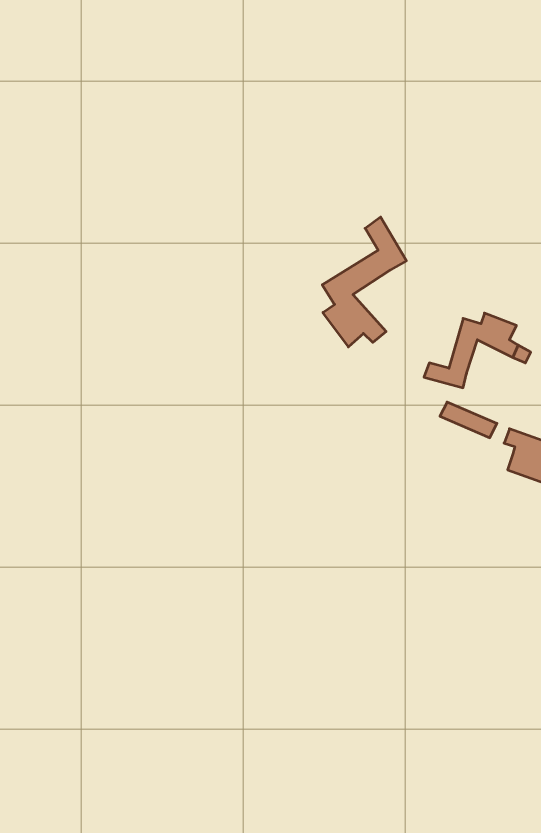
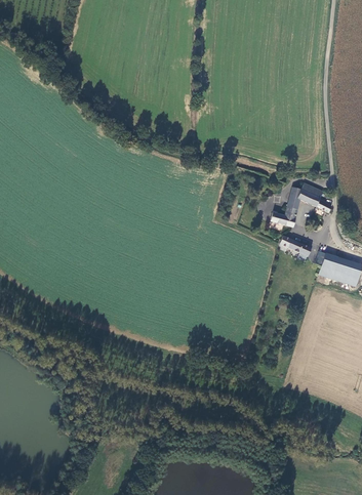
building: [322,217,406,347] -> none

